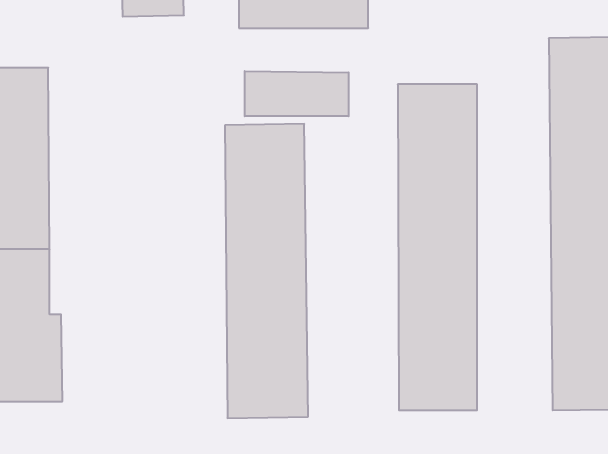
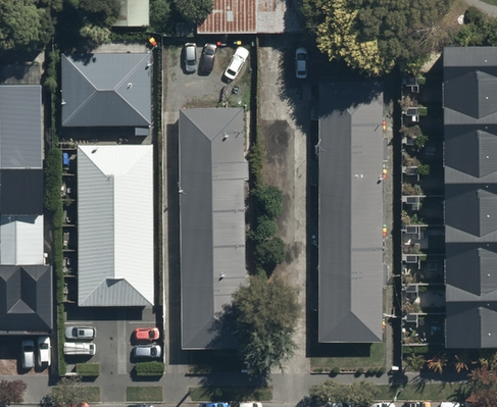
building: none -> [64,53,151,126]
building: [245,71,349,116] -> none
building: none -> [81,145,155,305]

